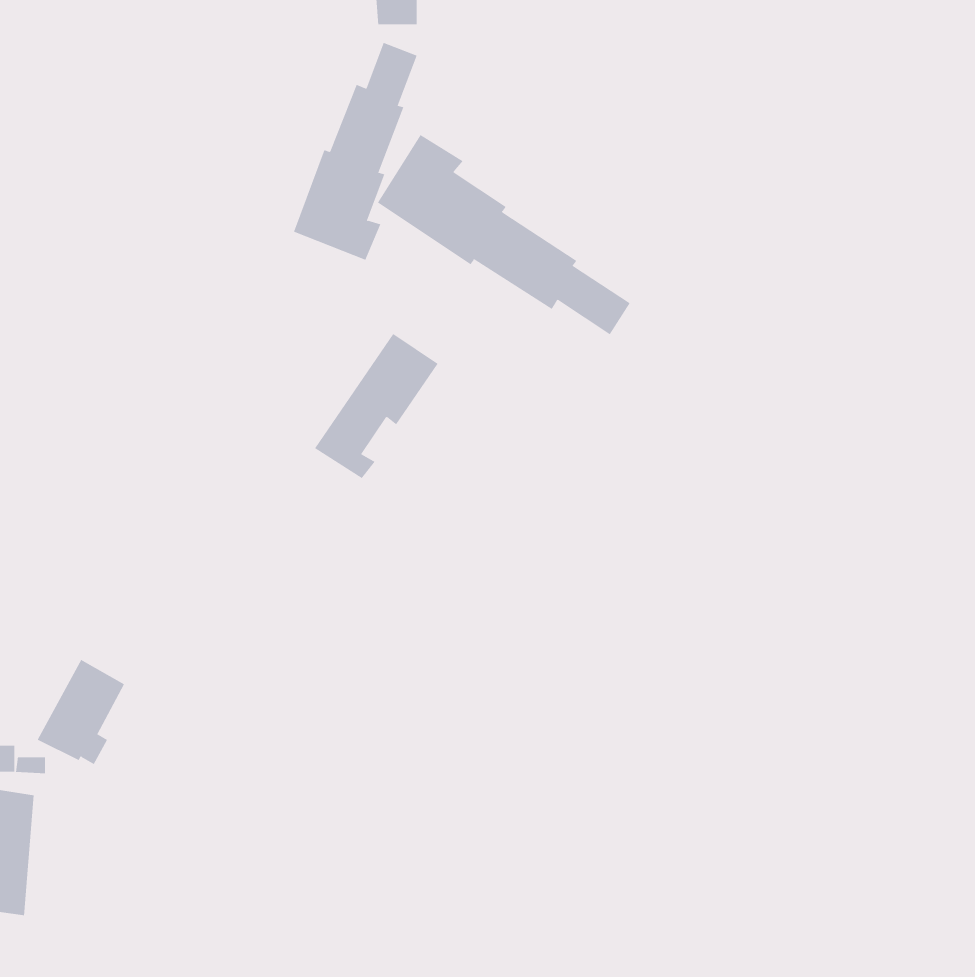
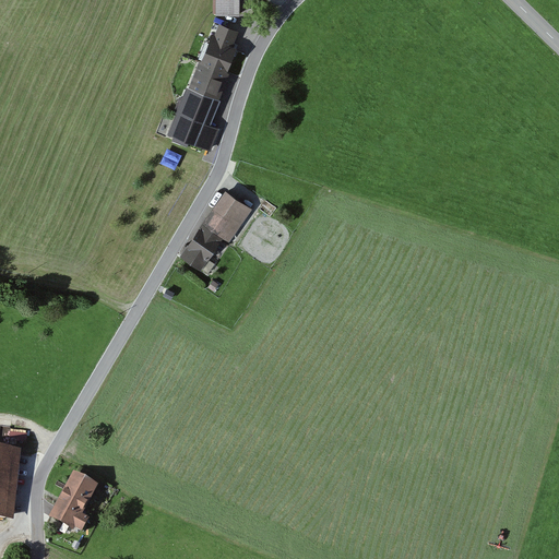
building: [377,134,630,335] -> none
building: [37,659,125,765] -> [47,474,97,534]

